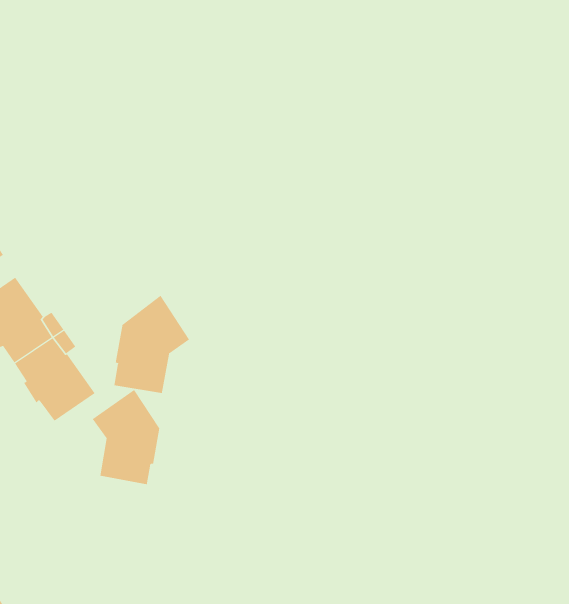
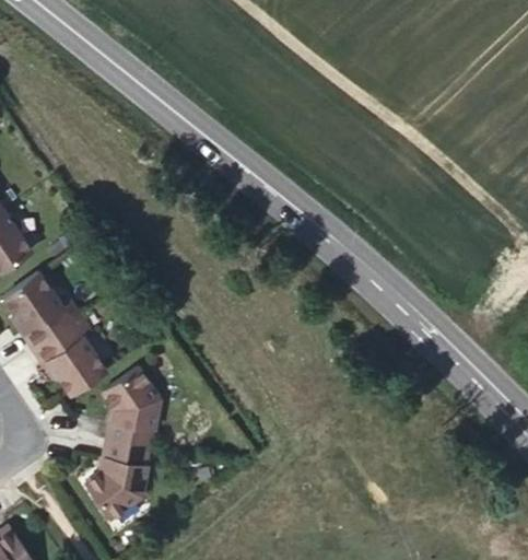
building: [114,295,190,394] -> none
building: none -> [86,441,149,521]

